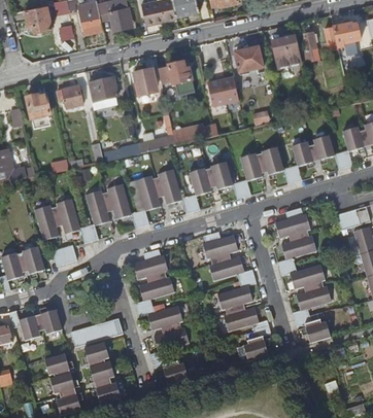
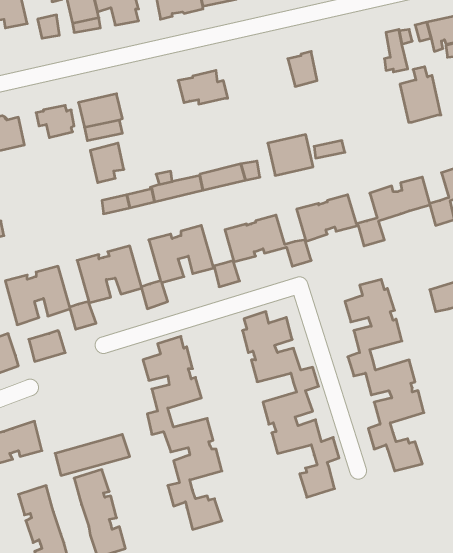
building: [271,29,300,68] -> [400,67,441,122]
building: [133,68,157,96] -> [90,143,124,183]
building: [206,77,238,106] -> [268,135,313,175]

